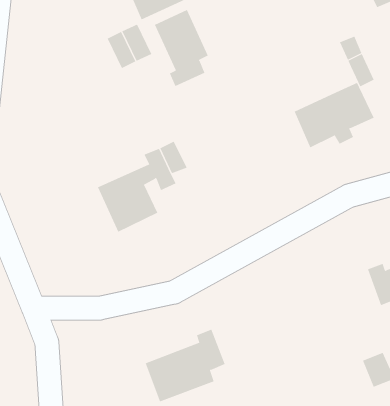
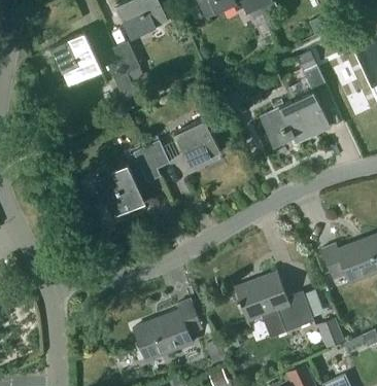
building: [154,9,209,87] -> none
building: none -> [50,33,101,85]
building: none -> [174,119,220,167]
building: none -> [235,273,314,332]

